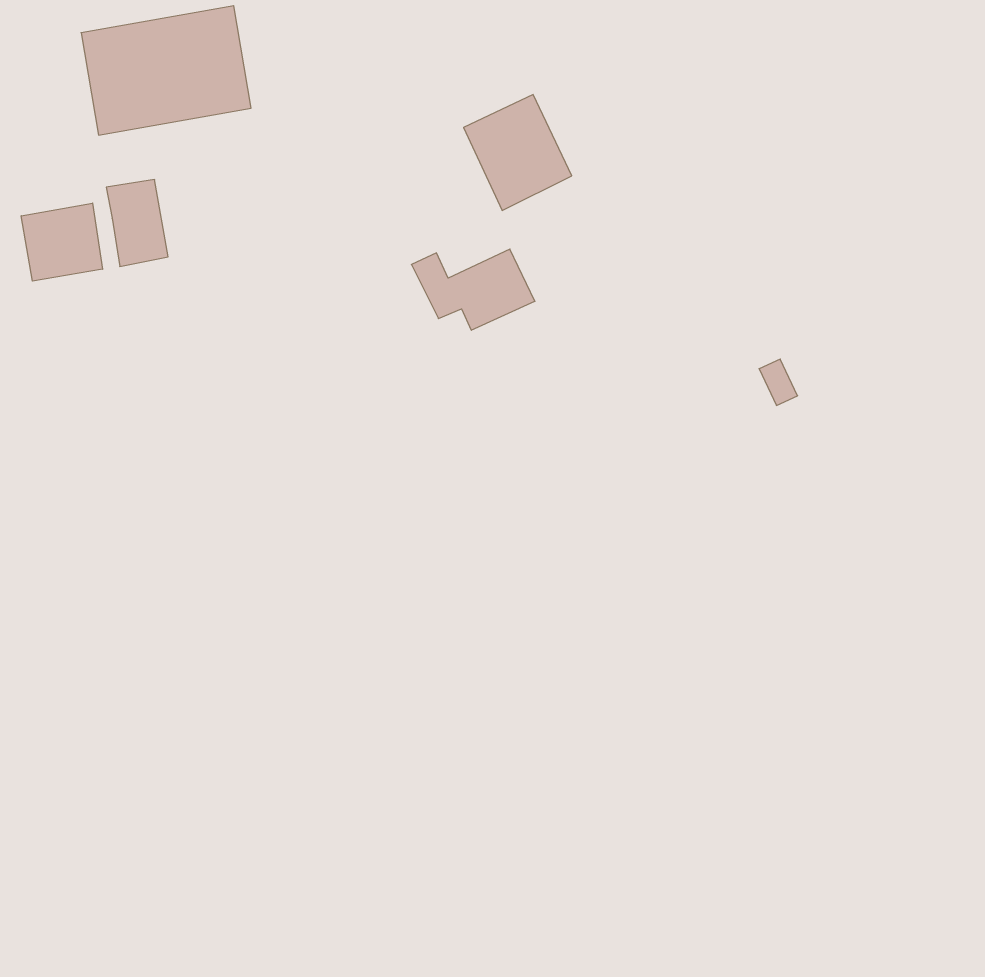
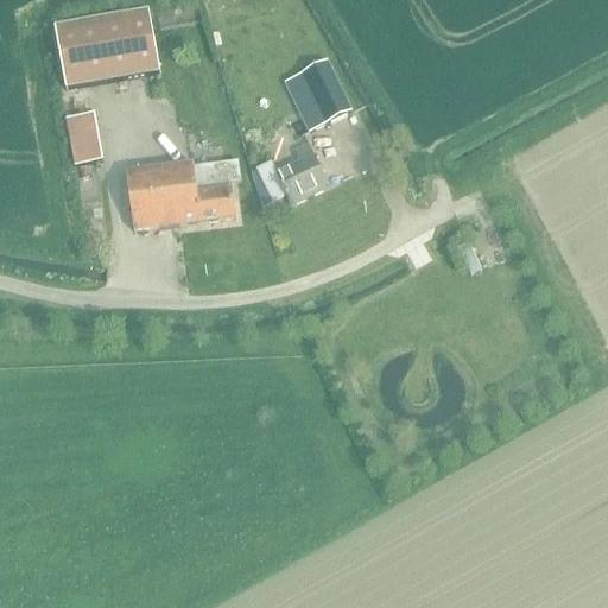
building: [21,203,103,281] -> none
building: none -> [126,158,241,228]

